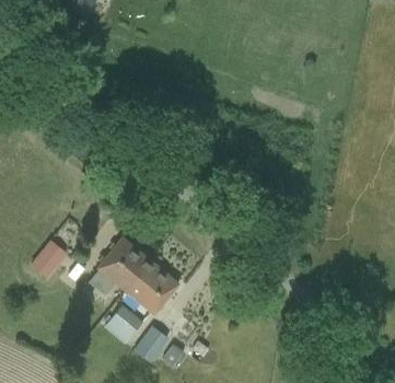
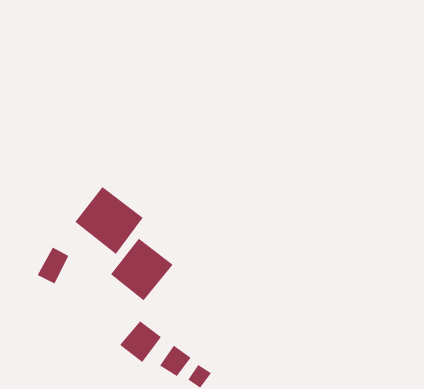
building: none -> [74,186,143,255]
building: [126,259,179,313] -> none

